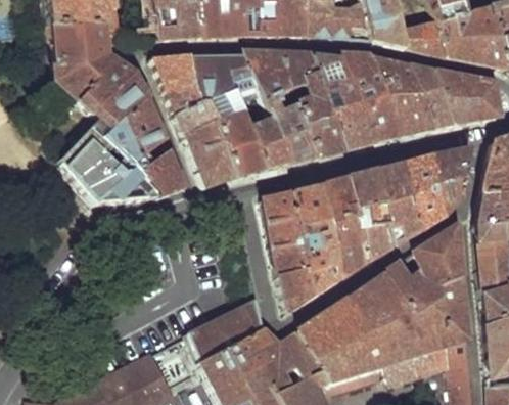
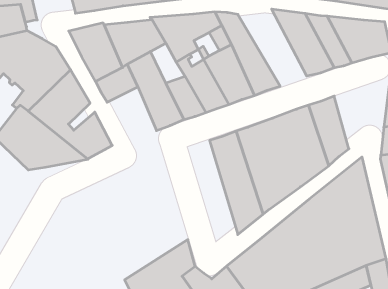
building: [337,53,405,140] -> none
building: [239,82,274,125] -> none
building: [187,126,237,186] -> none
building: [432,147,471,215] -> none
building: [265,191,314,314] -> none

